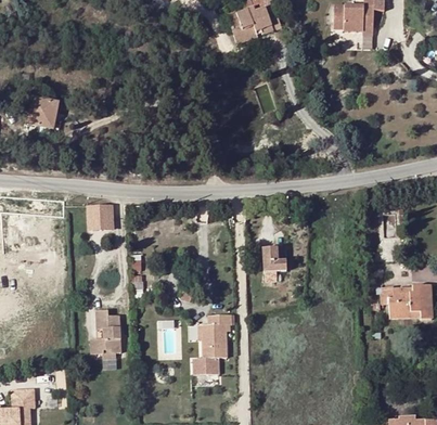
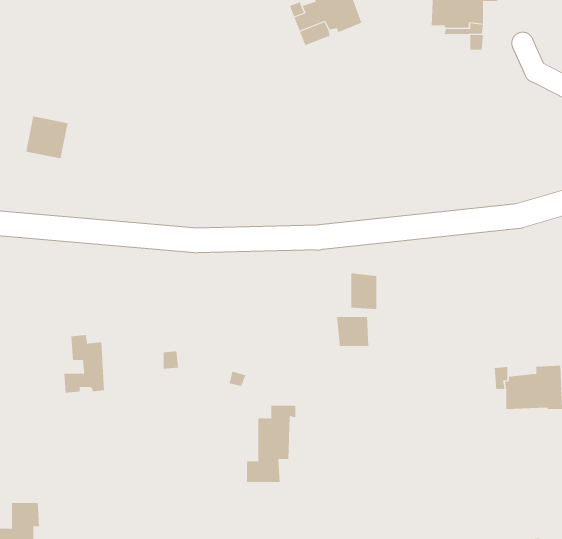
building: [87,206,111,229] -> none
building: none -> [351,272,377,310]
building: [89,309,120,353] -> [63,335,105,393]

